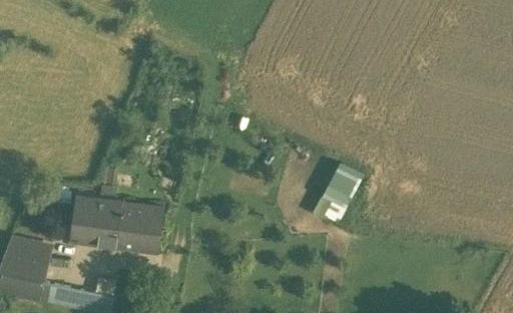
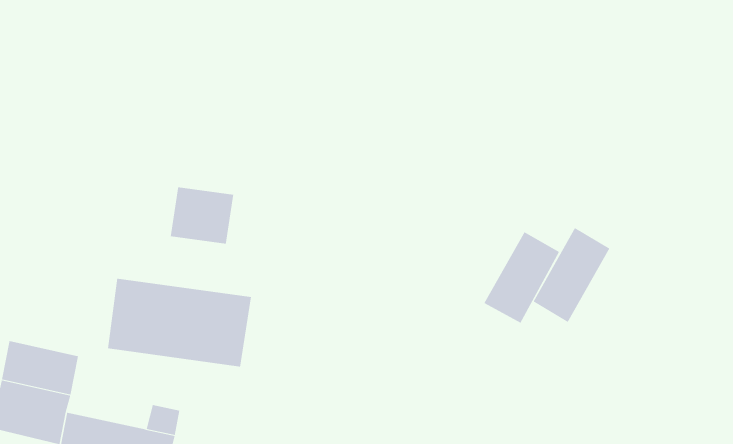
building: none -> [170,186,234,245]
building: none -> [533,227,610,323]

